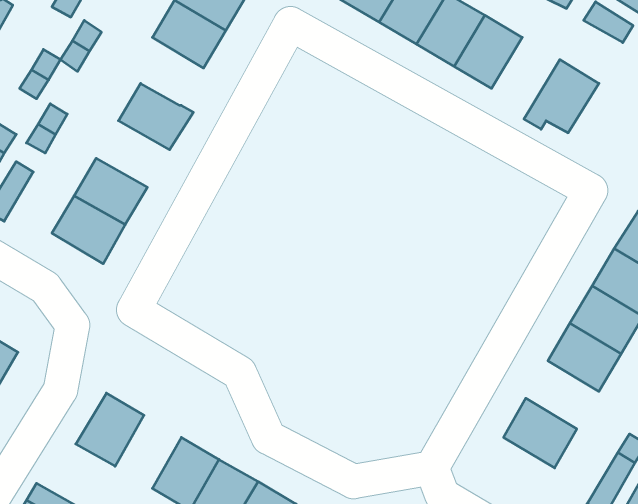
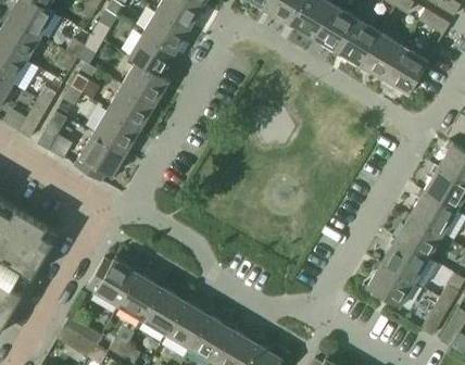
building: none -> [128,33,176,76]
building: none -> [360,33,403,79]
building: none -> [108,86,154,128]
building: none -> [381,239,428,282]
building: none -> [120,274,162,320]

